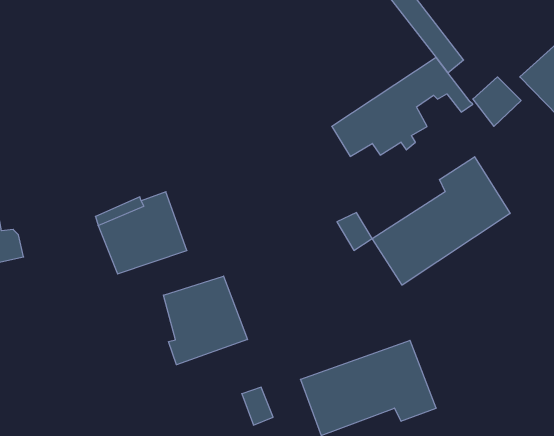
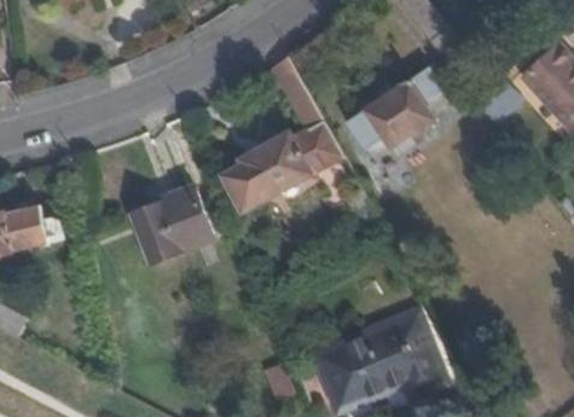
building: none -> [225,56,346,209]
building: [372,157,510,285] -> none
building: [163,276,247,365] -> none

